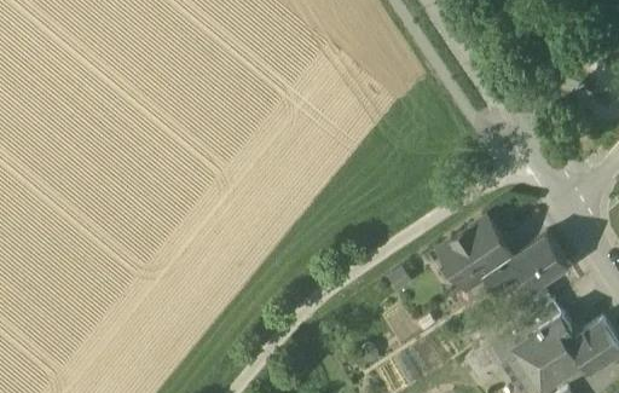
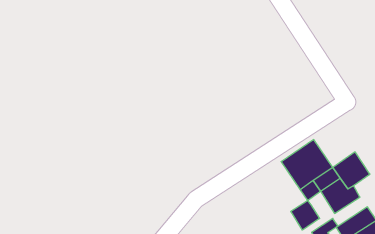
building: none -> [291,201,320,230]

